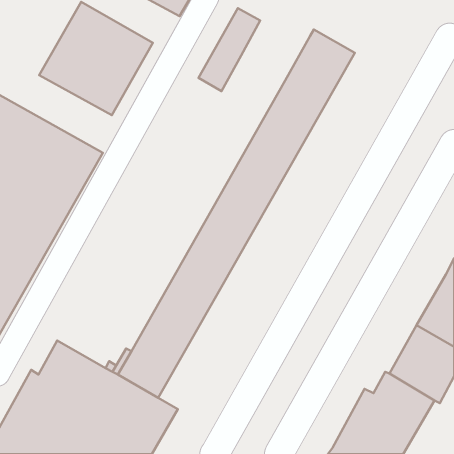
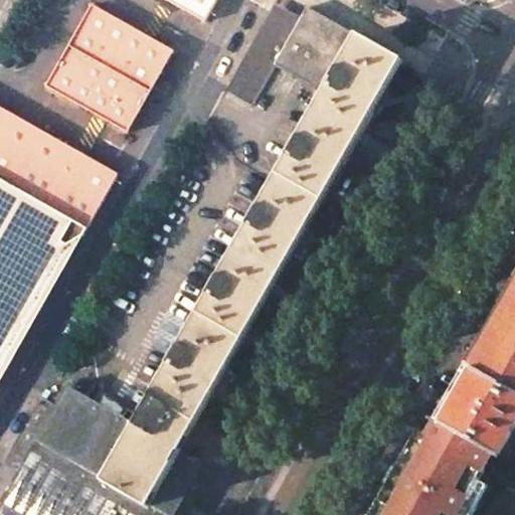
building: none -> [272,11,349,91]

